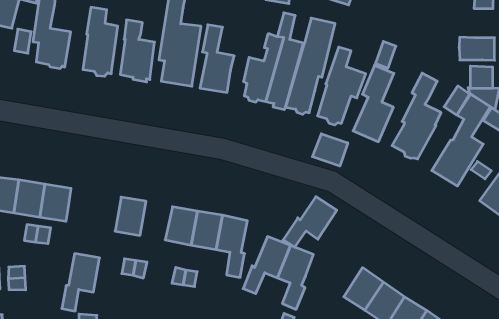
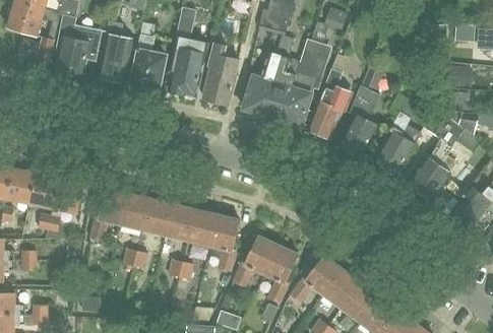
building: [312,134,348,166] -> none
building: [283,197,337,247] -> [292,256,342,301]
building: none -> [142,199,173,235]
building: [62,254,100,311] -> [90,189,127,241]

